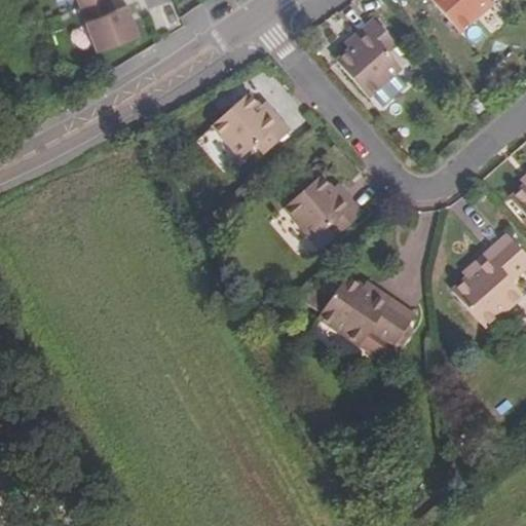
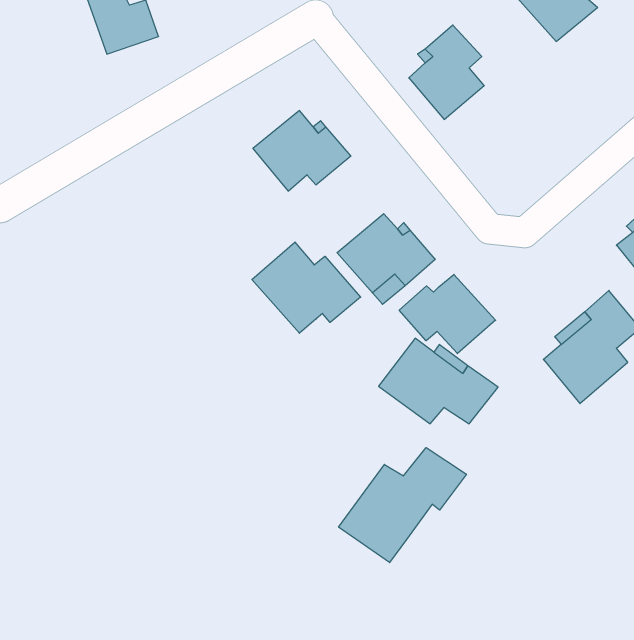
building: none -> [252,242,361,333]
building: none -> [399,274,496,354]
building: none -> [339,448,466,563]

